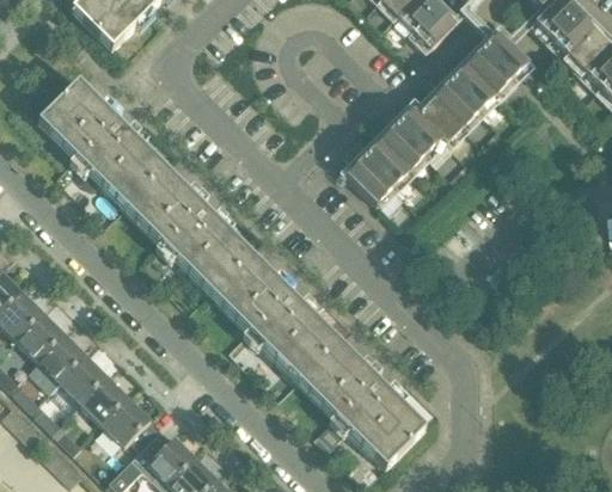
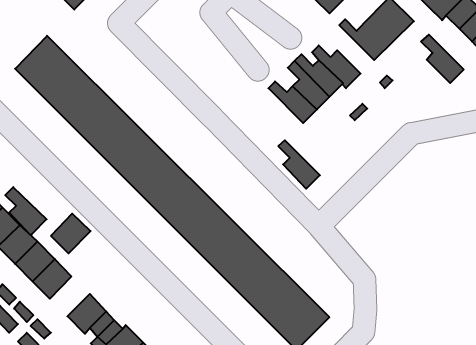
building: [427,64,479,124] -> [421,35,464,83]
building: [341,142,392,202] -> [278,140,320,189]
building: none -> [5,187,47,235]
building: [80,374,129,423] -> [51,214,91,253]

